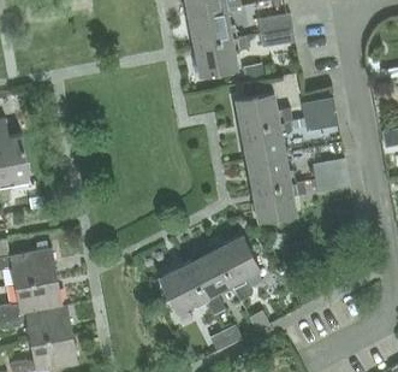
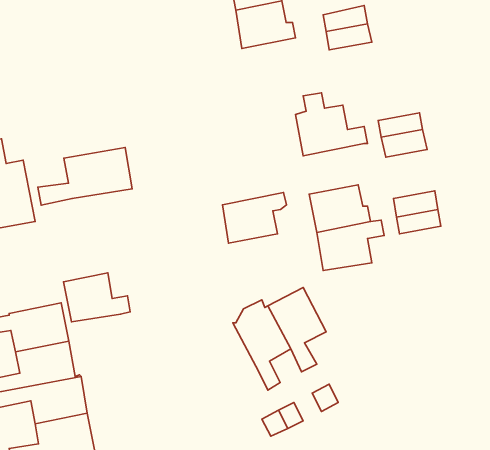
building: [194,37,248,85] -> none
building: [242,122,292,161] -> [222,193,287,243]
building: none -> [38,147,132,205]
building: none -> [63,273,130,322]
building: [158,262,207,312] -> none

